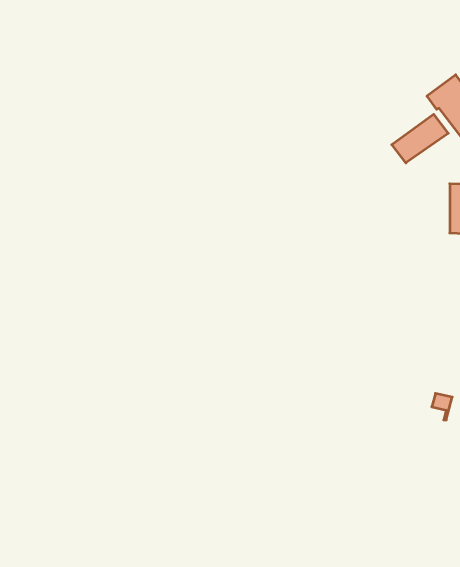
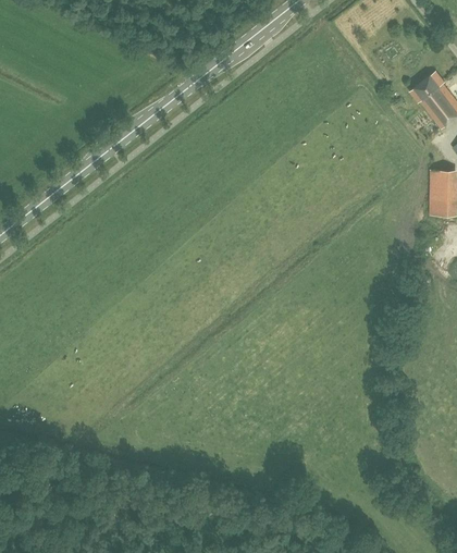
building: [392,114,448,163] -> none

